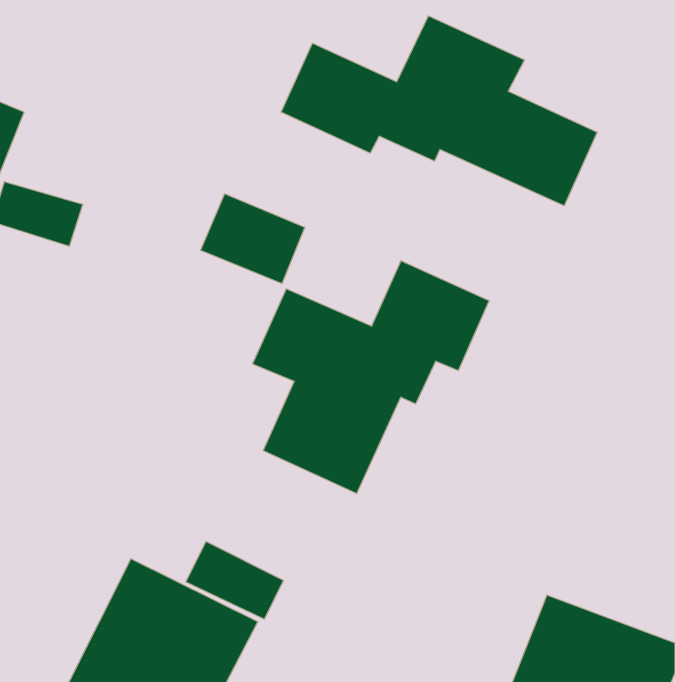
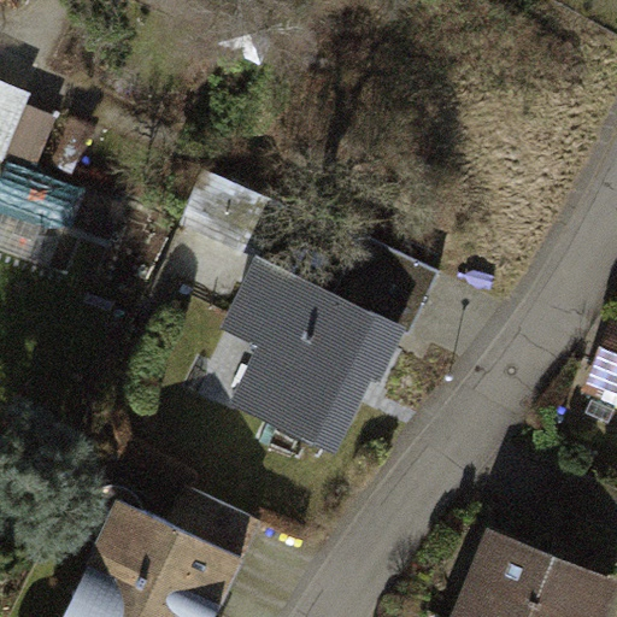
building: [281,16,597,206] -> none

